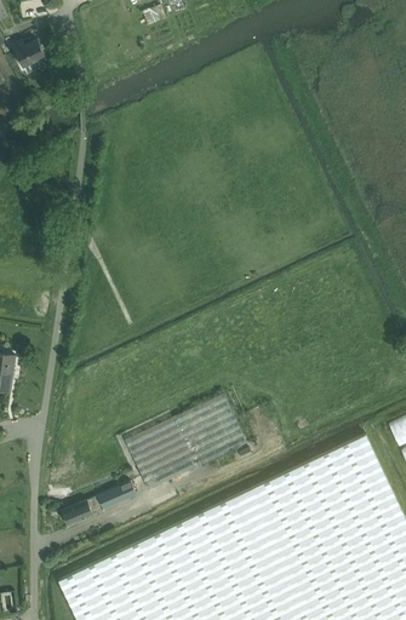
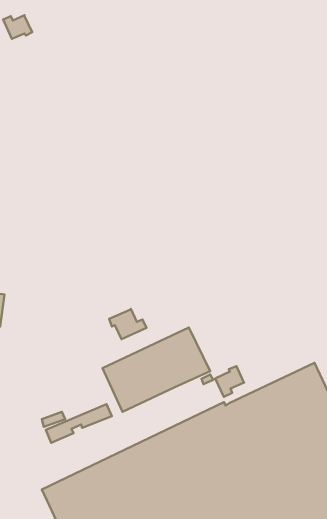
building: none -> [109,309,146,339]
building: none -> [215,366,244,397]

